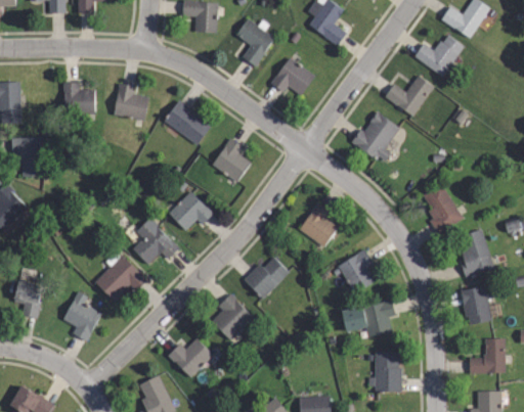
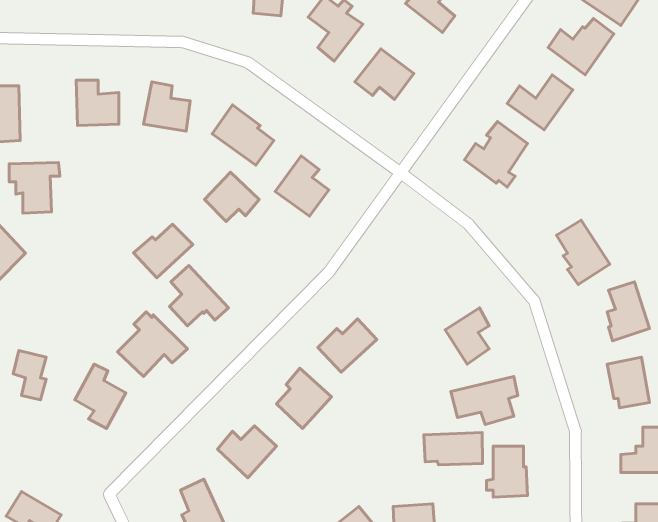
building: none -> [133,224,193,278]
building: [170,192,211,229] -> [204,172,259,221]
building: [300,201,339,245] -> none
building: none -> [424,433,483,465]

